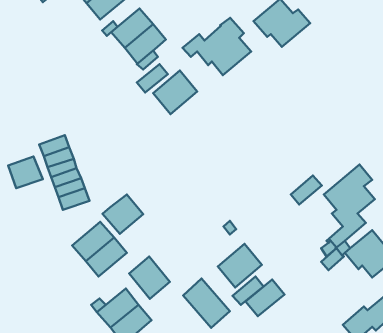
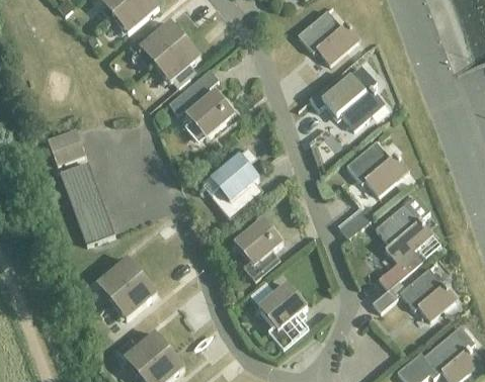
building: [183,18,251,75] -> [309,65,385,128]
building: none -> [346,139,409,194]
building: none -> [211,153,259,217]
building: [8,156,43,188] -> [48,128,86,164]
building: none -> [234,217,284,265]
building: [102,195,143,234] -> none
building: [129,257,170,299] -> none
building: [183,278,230,328] -> none
building: [245,280,284,316] -> none

